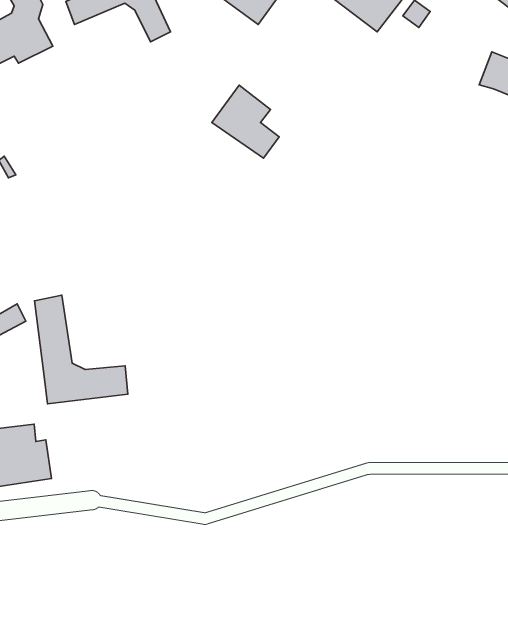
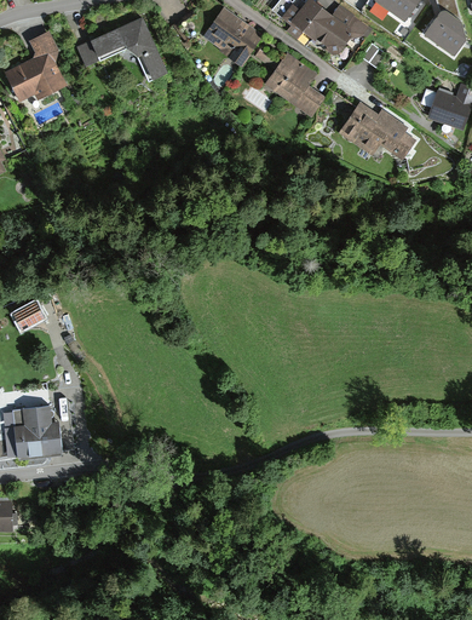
building: none -> [338,101,415,159]
building: [212,85,279,158] -> [265,53,322,115]
building: [35,295,128,404] -> none

